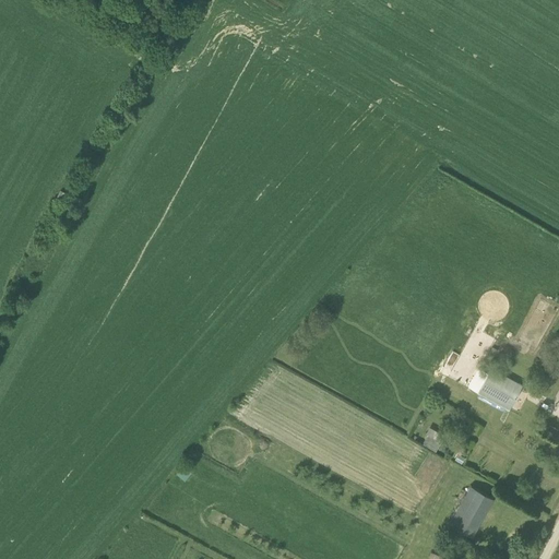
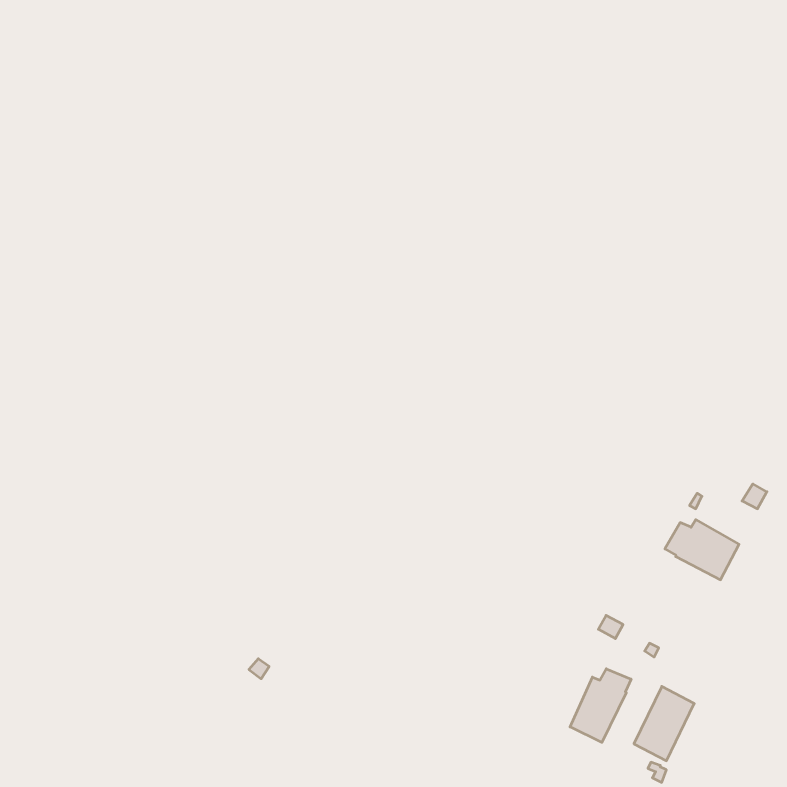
building: none -> [570,669,631,742]

